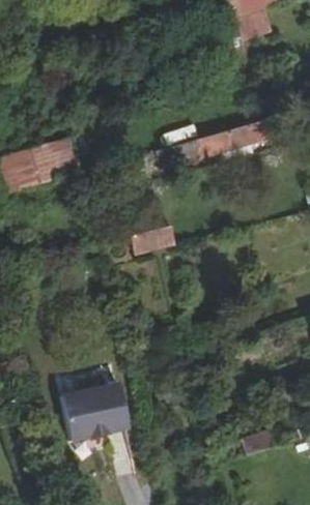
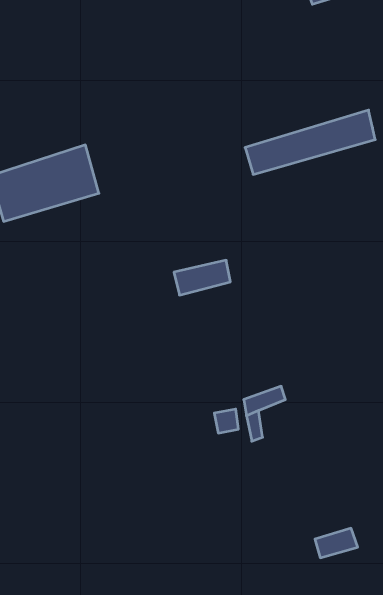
building: [60,380,132,442] -> none

